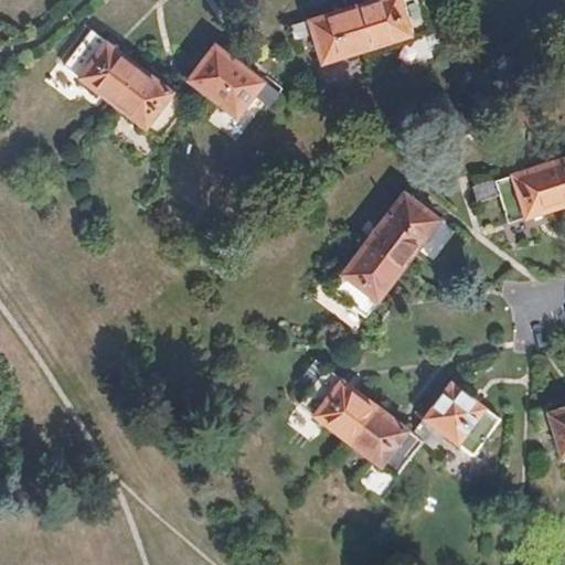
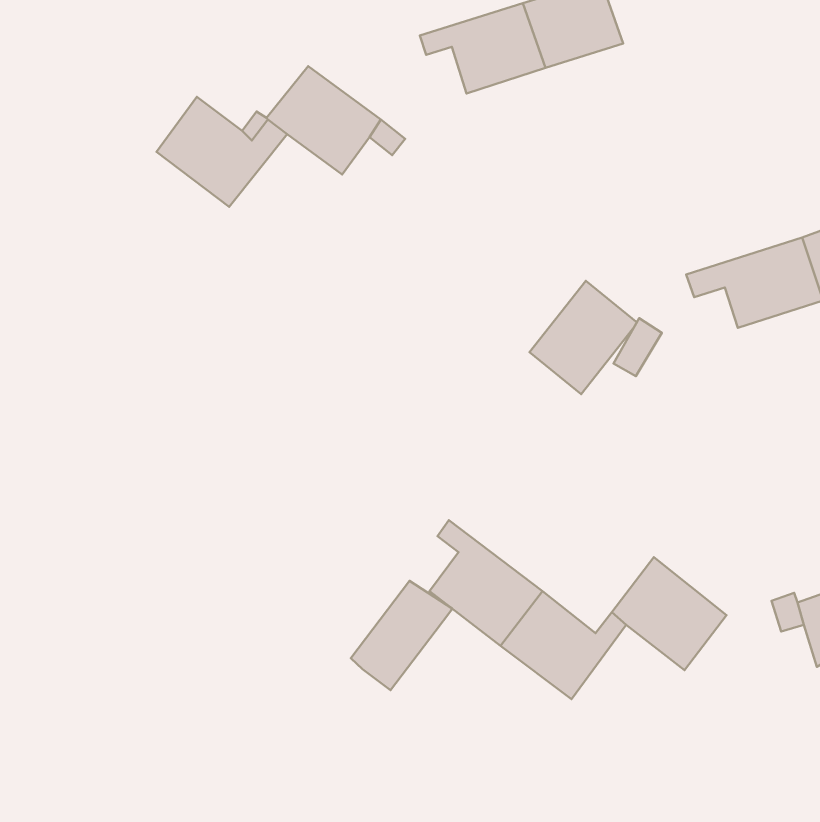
building: [62,30,138,104] -> none
building: [328,241,401,316] -> none
building: none -> [351,581,452,690]

